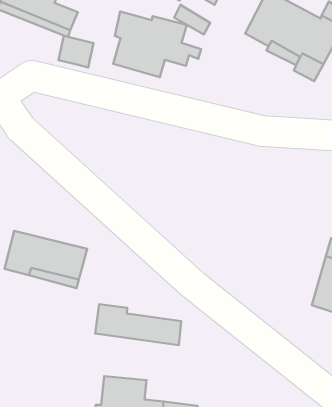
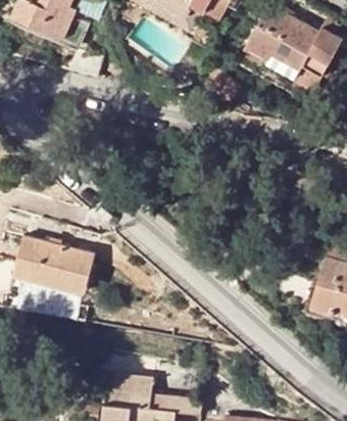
building: [113,12,201,77] -> none
building: [95,304,181,345] -> none

